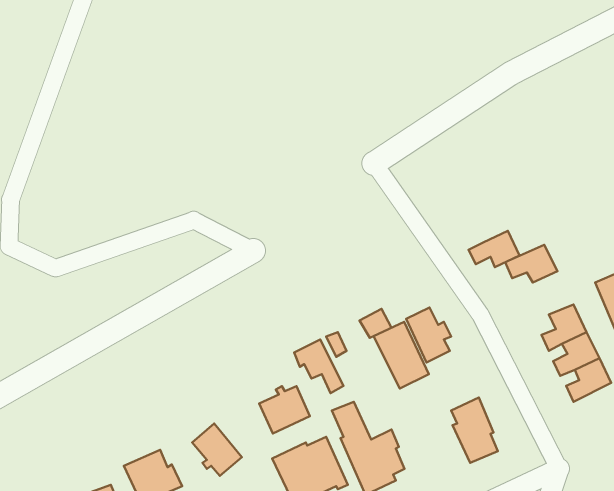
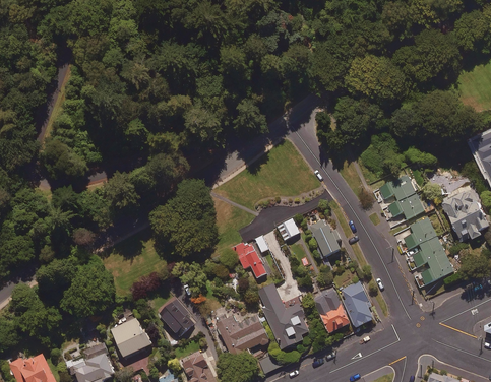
building: [469,231,520,267] -> [387,193,423,218]
building: [374,322,429,389] -> [310,286,349,333]
building: [259,386,310,434] -> none

